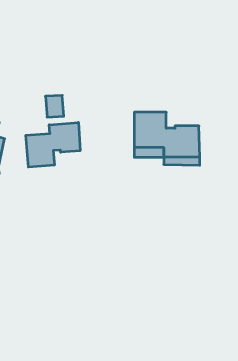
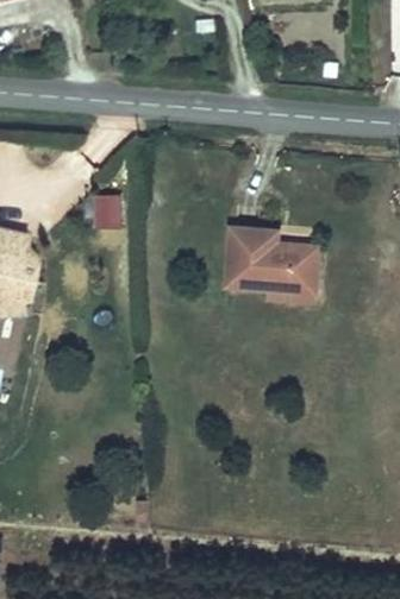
building: [26,122,80,167] -> none

